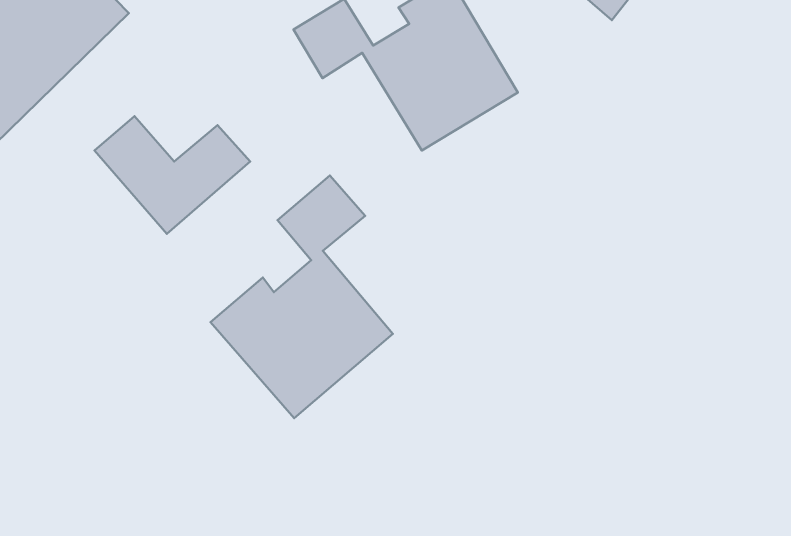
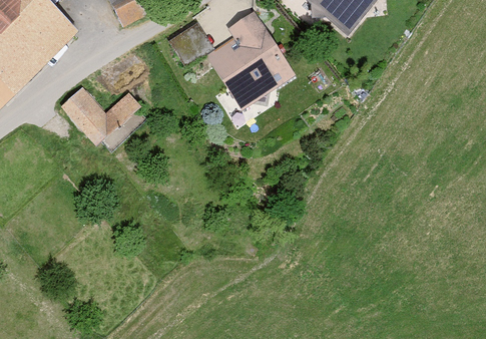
building: [211,175,393,418] -> none

